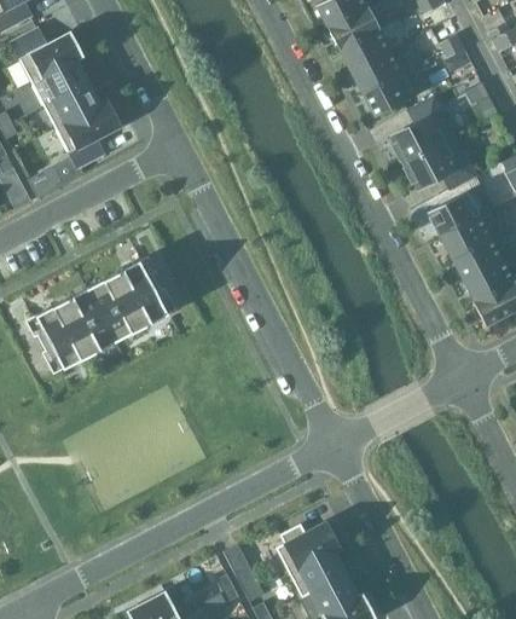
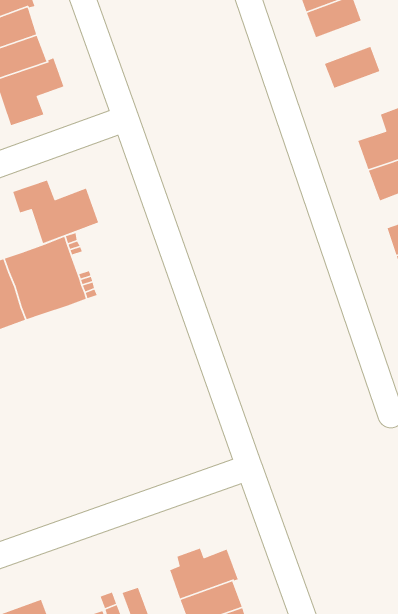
building: [340,29,390,73] -> none
building: [363,73,414,118] -> none
building: none -> [12,179,99,244]

